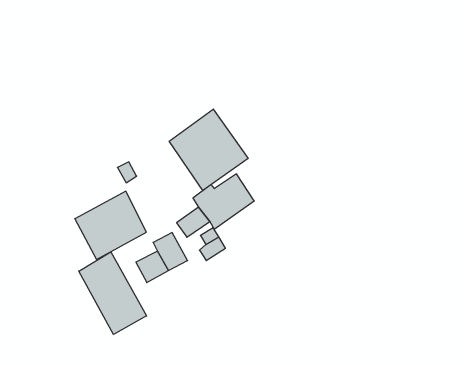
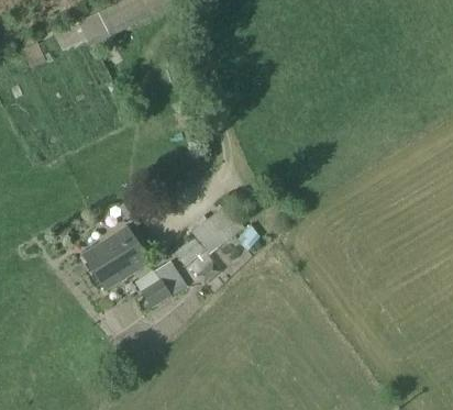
building: [169,109,248,190] -> none
building: [79,252,147,334] -> none

